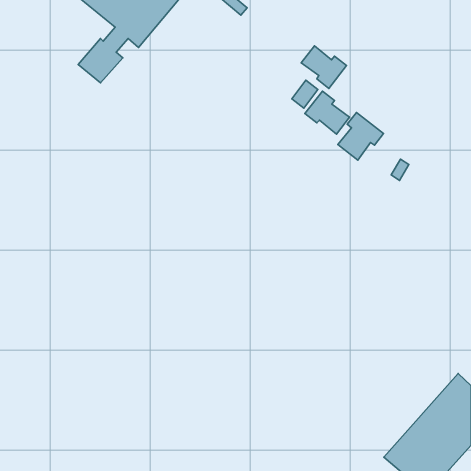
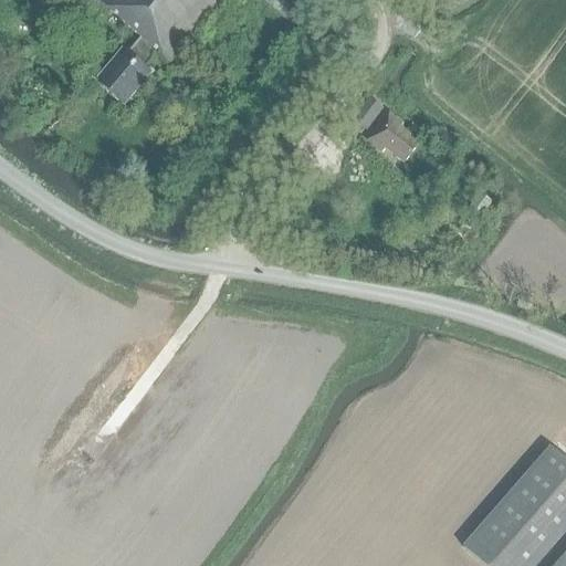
building: [301,46,346,88] -> none
building: [338,113,384,160] -> none

